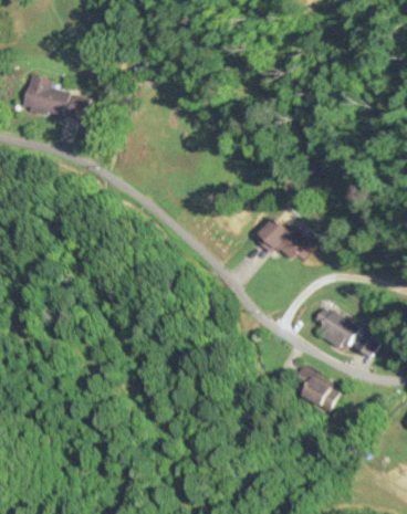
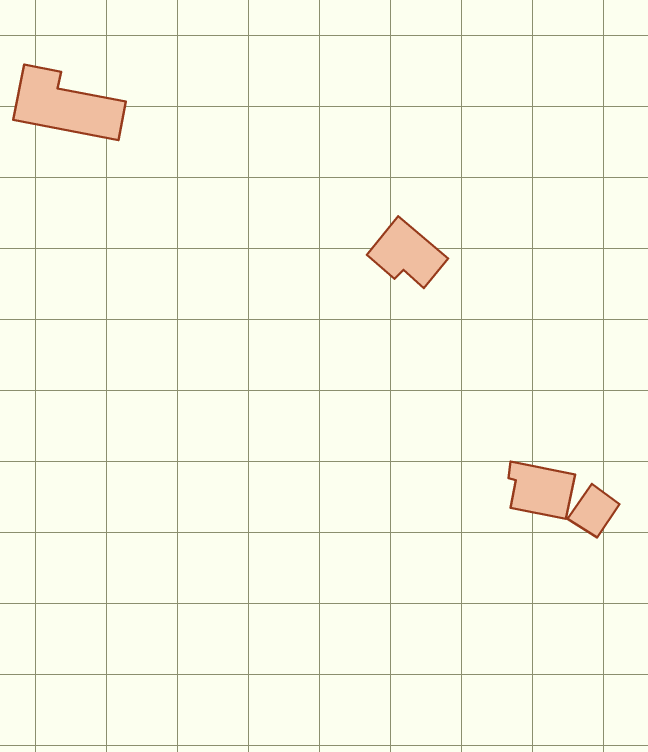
building: [255,214,304,258] -> [367,216,448,288]
building: [291,368,341,409] -> none

